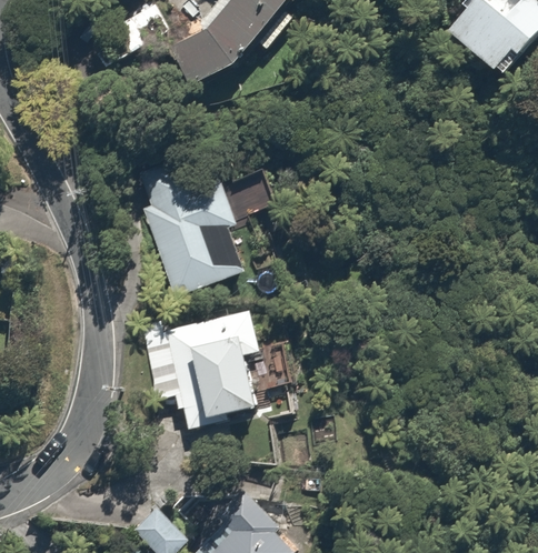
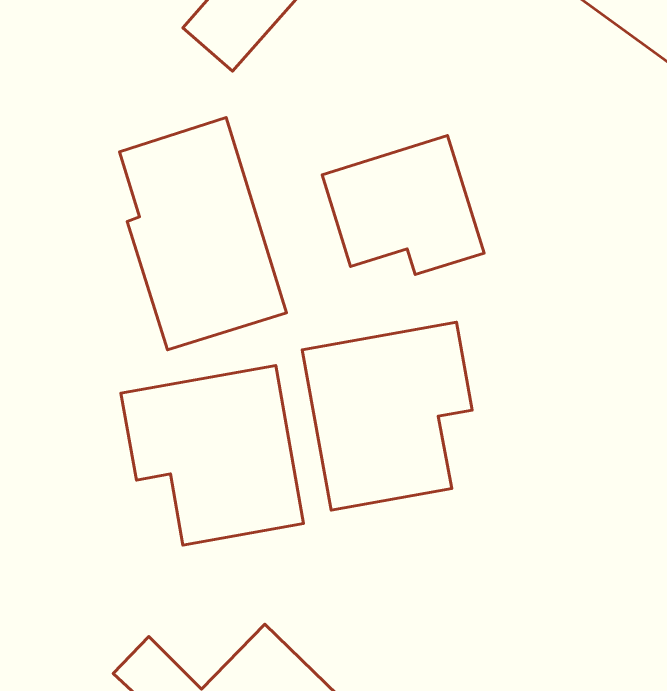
building: none -> [322,135,484,275]
building: none -> [302,322,472,510]

